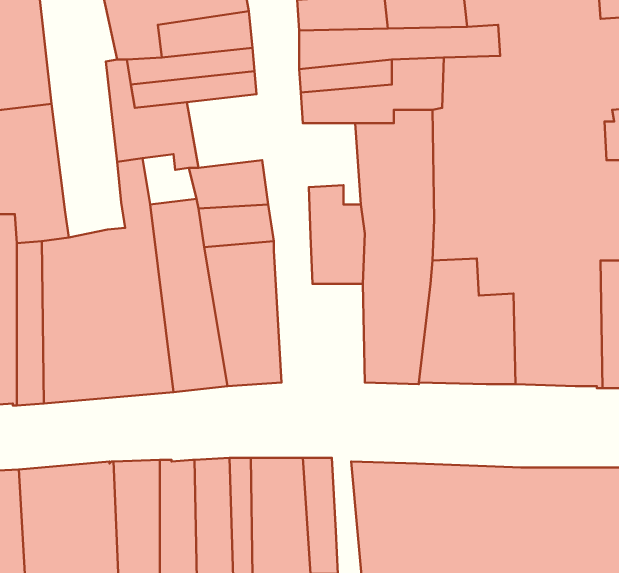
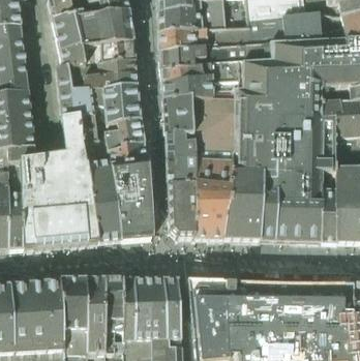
building: none -> [100,84,141,123]
building: none -> [162,99,193,143]
building: none -> [168,185,196,238]

